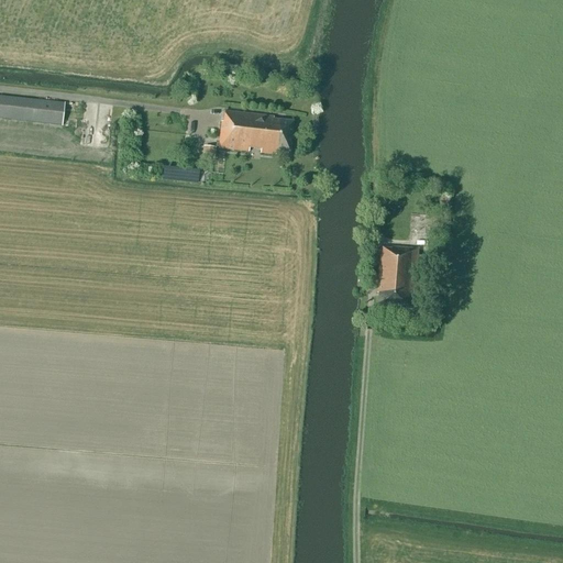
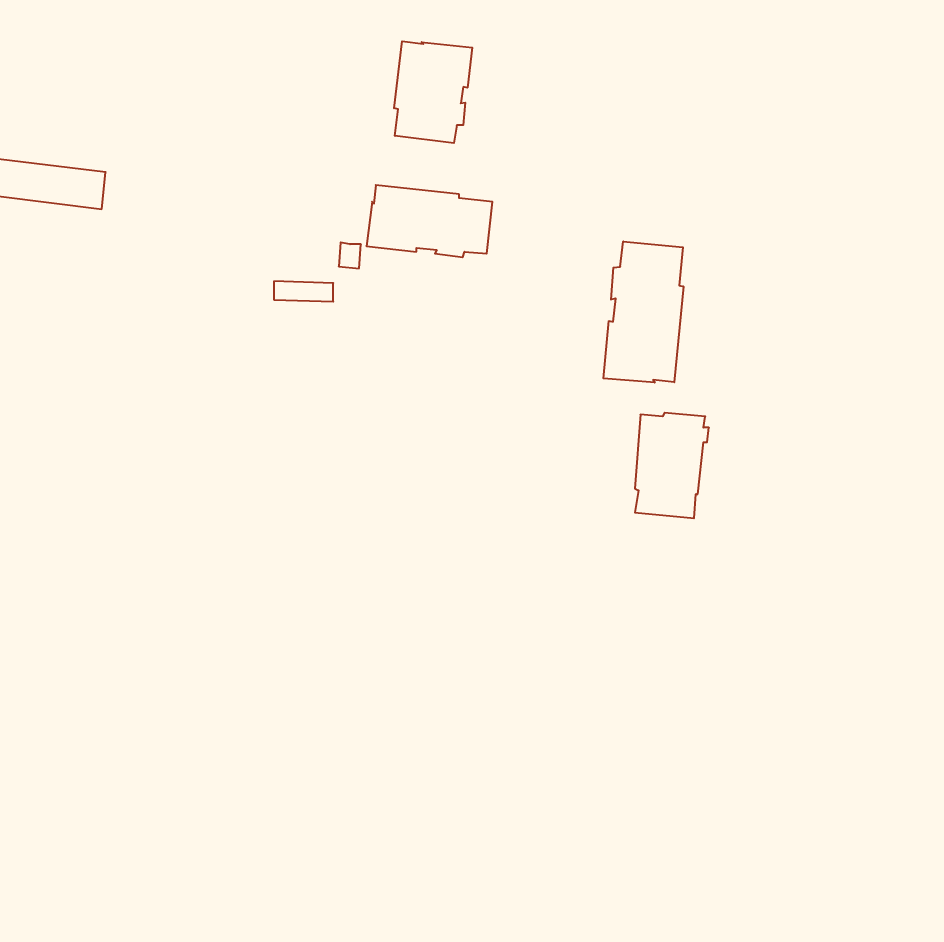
building: none -> [394,41,472,143]
building: none -> [603,241,683,383]

